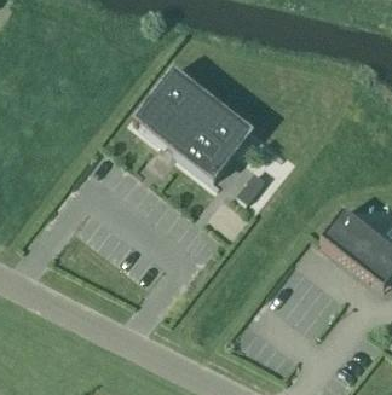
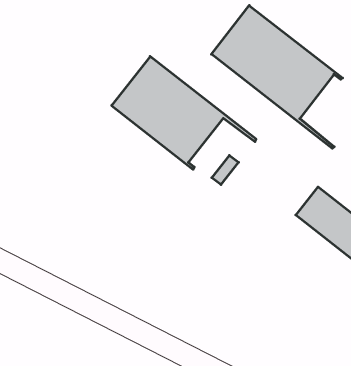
building: none -> [211,5,343,148]

